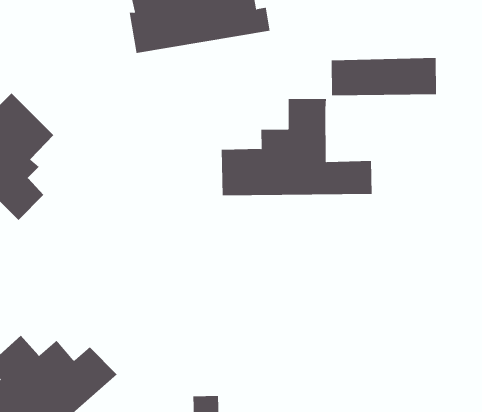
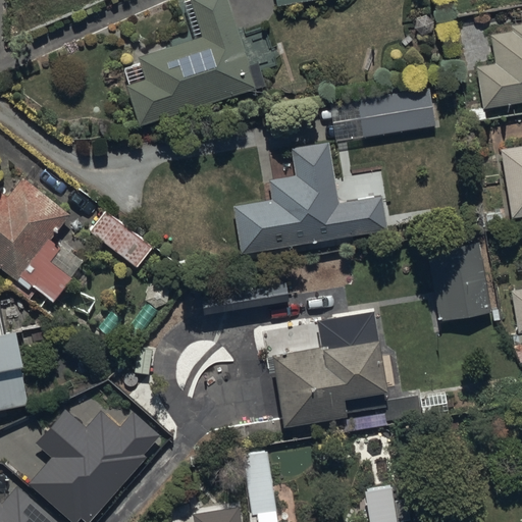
building: none -> [90,208,153,265]
building: none -> [431,248,493,323]
building: none -> [271,302,381,412]

